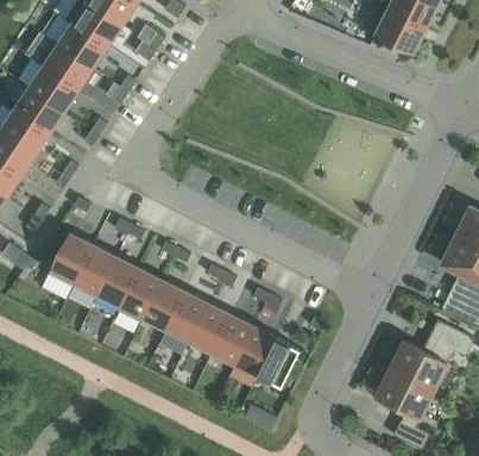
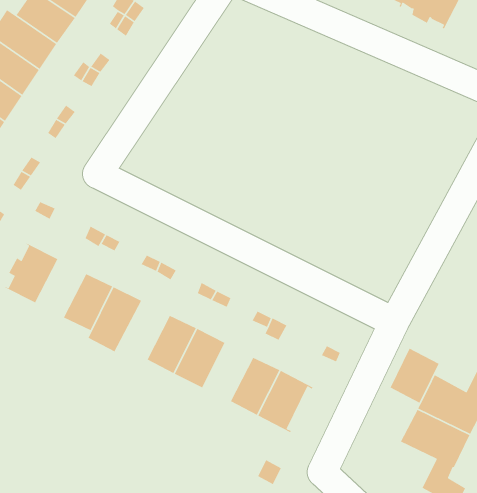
building: [74,245,115,294] -> none
building: [139,280,184,329] -> none
building: [212,314,253,363] -> none
building: none -> [390,347,443,404]

